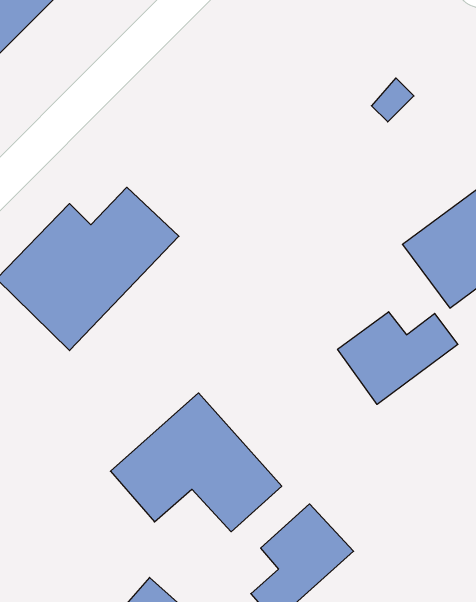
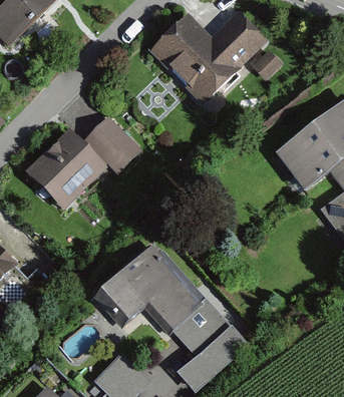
building: none -> [150,12,267,106]
building: [338,312,458,404] -> none

